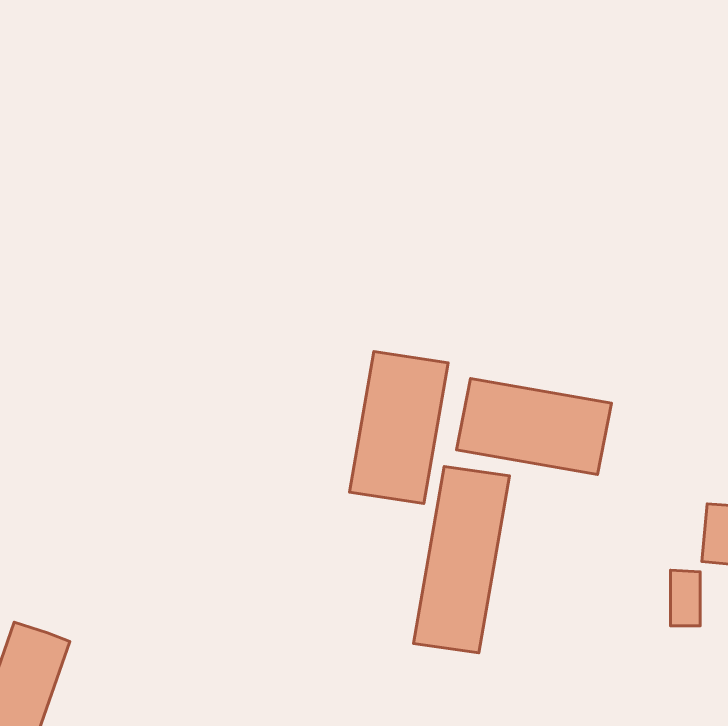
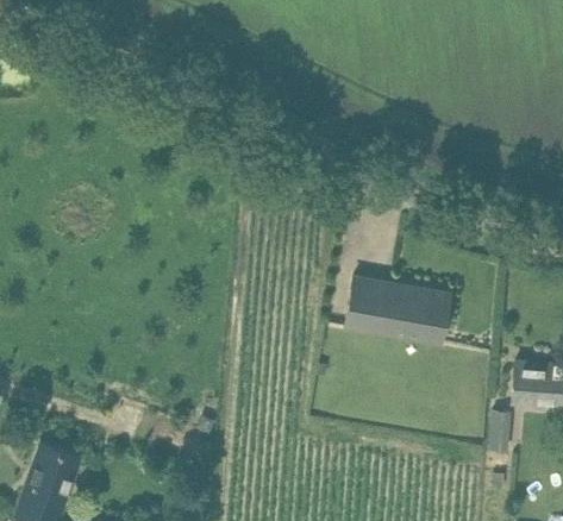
building: [350,352,448,503] -> none
building: [413,467,510,653] -> none

